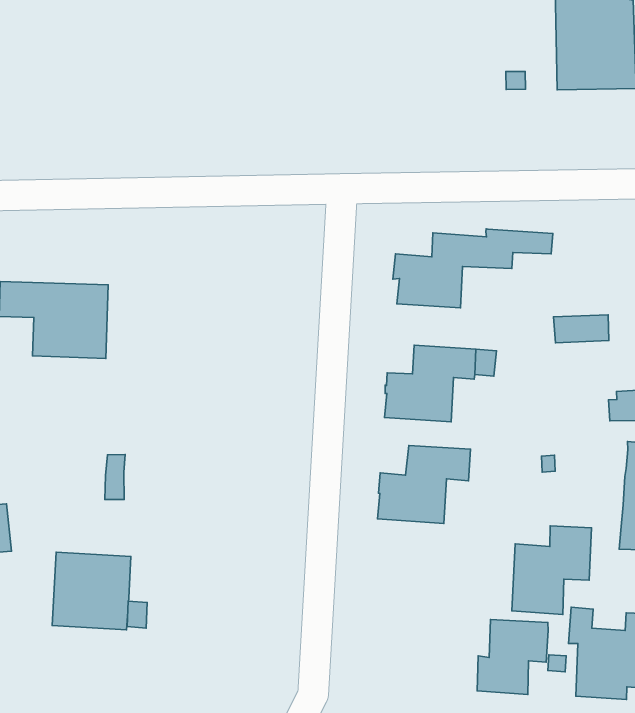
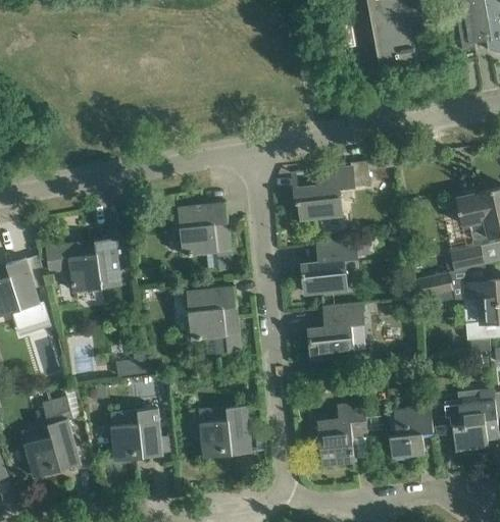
building: none -> [179,202,233,270]
building: [553,315,609,343] -> [415,273,453,297]
building: none -> [187,286,241,355]
building: [512,526,591,614] -> [317,403,368,464]
building: none -> [199,405,252,457]

